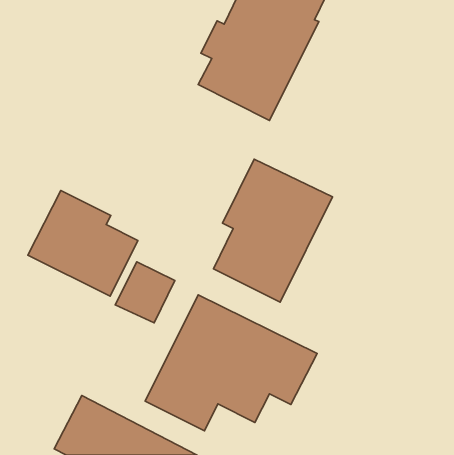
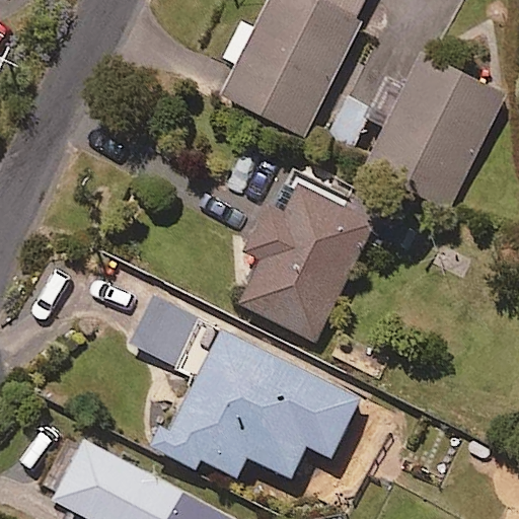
building: none -> [369,57,503,206]
building: [28,190,138,296] -> none

